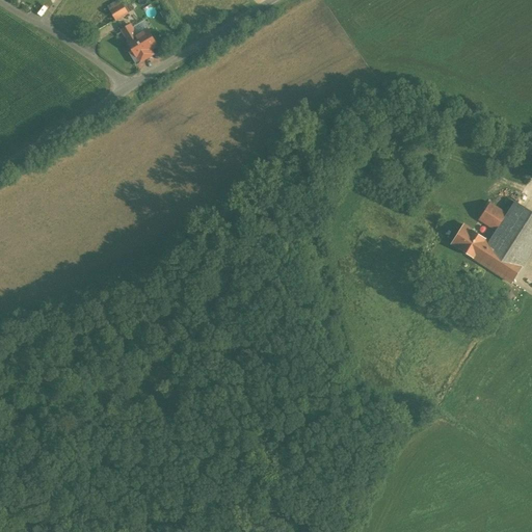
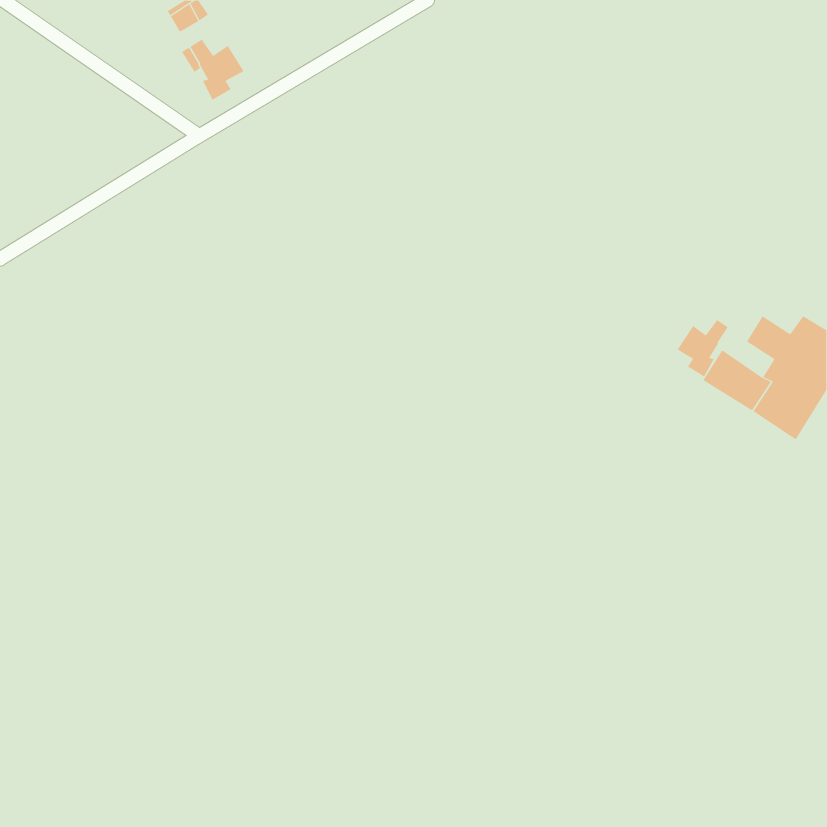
building: none -> [677,319,729,377]

